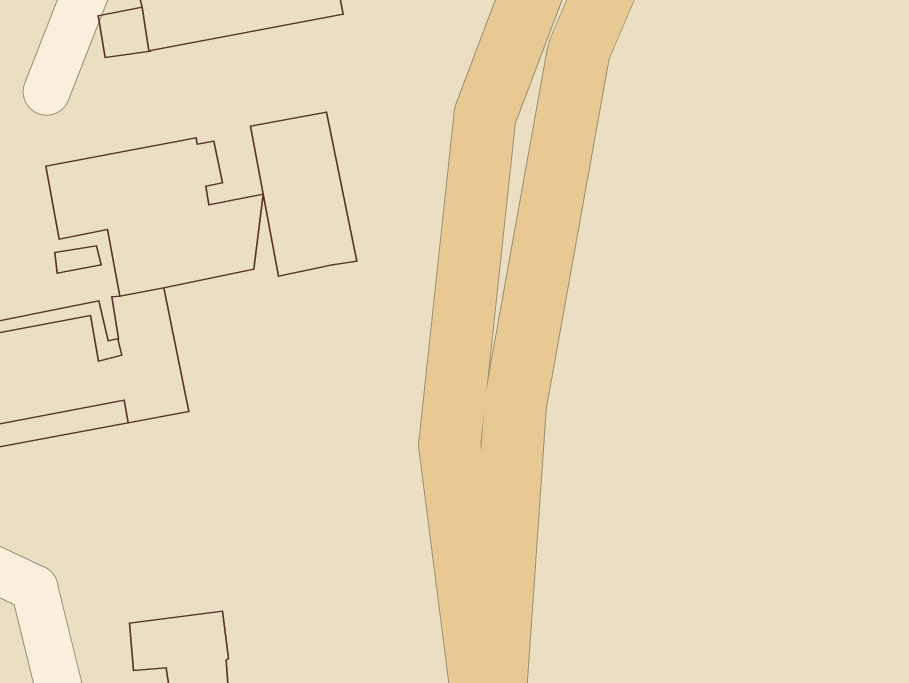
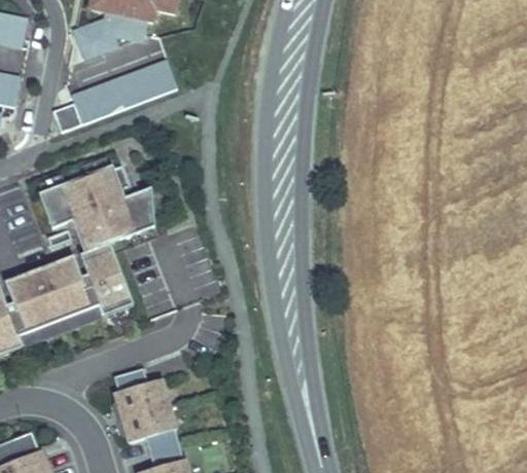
building: [250,112,357,276] -> none
building: none -> [113,366,168,416]

